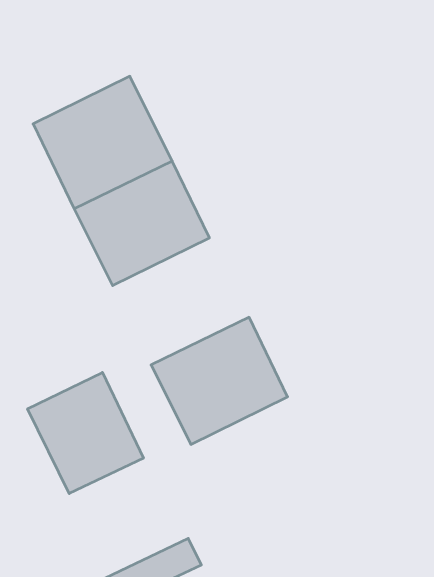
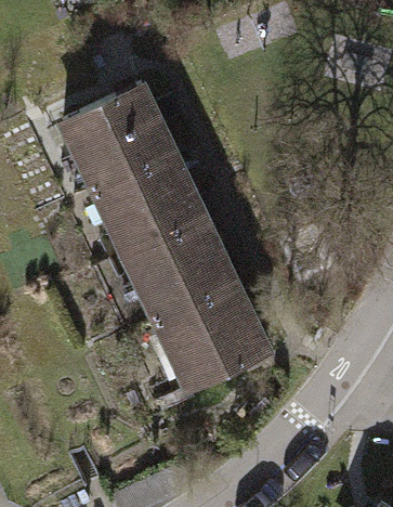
building: none -> [127,221,238,325]
building: [28,372,143,494] -> none

